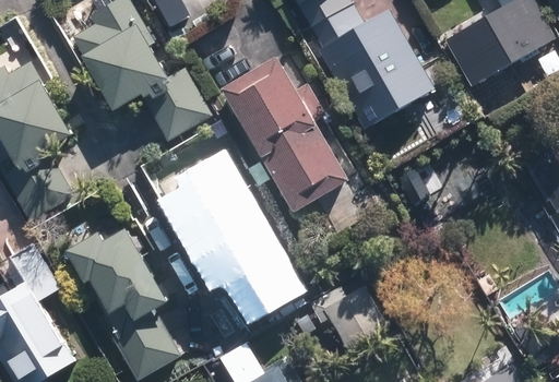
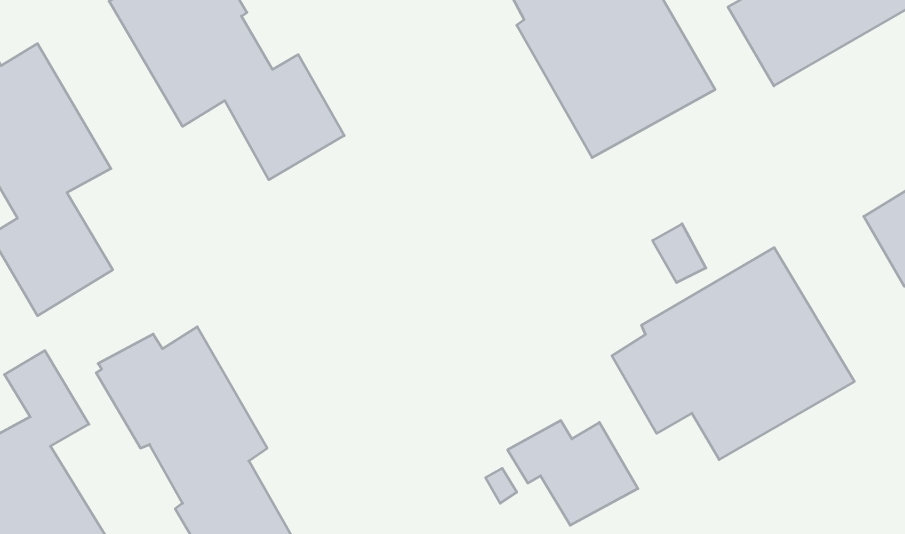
building: [214,53,344,212] -> none
building: [167,163,296,312] -> none
building: none -> [612,248,854,460]

